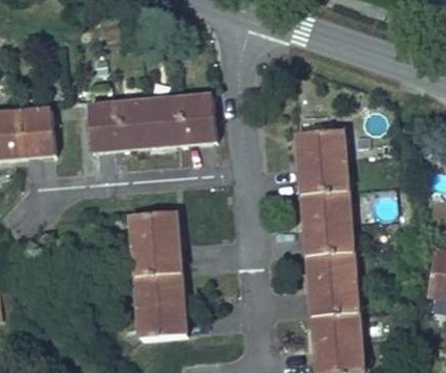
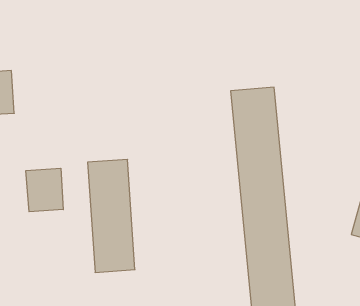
building: [90,92,215,149] -> none
building: none -> [26,168,63,212]

